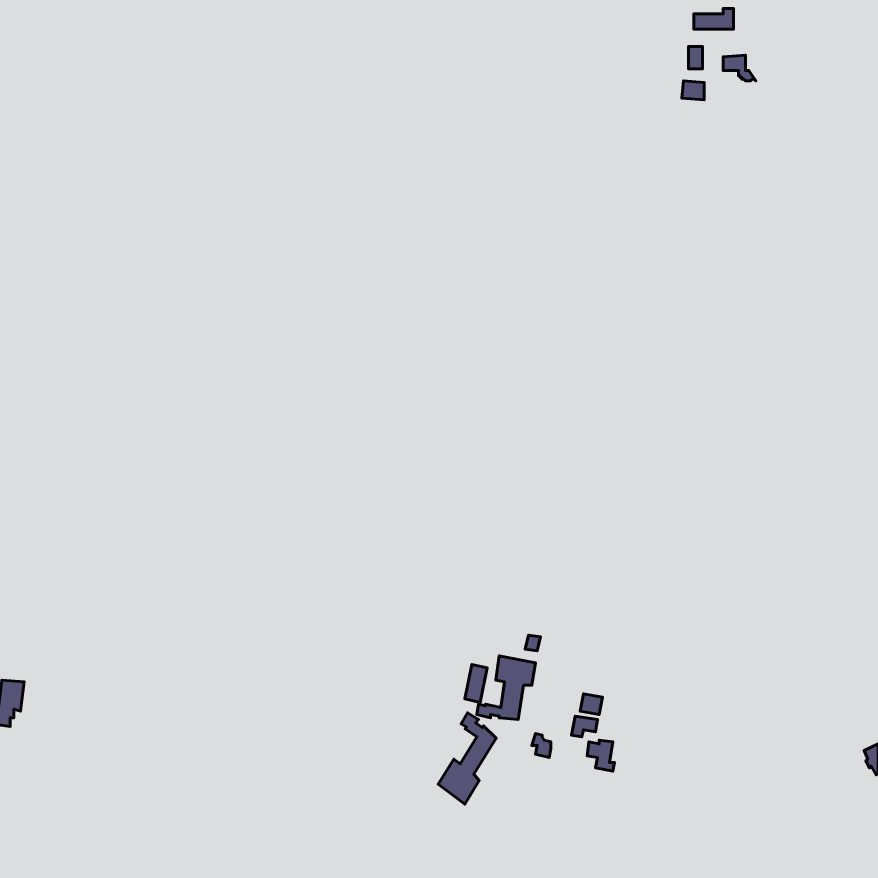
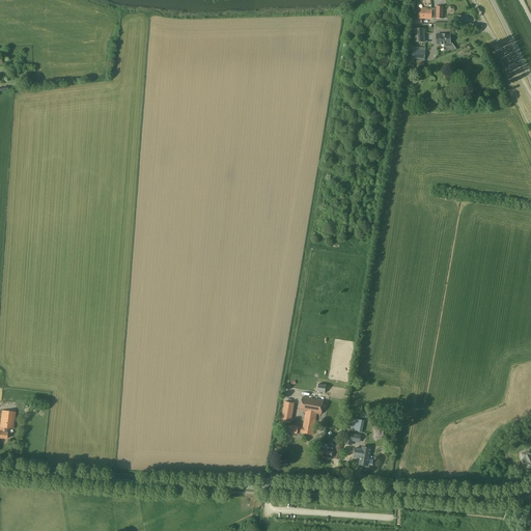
building: [438,713,496,804] -> none

